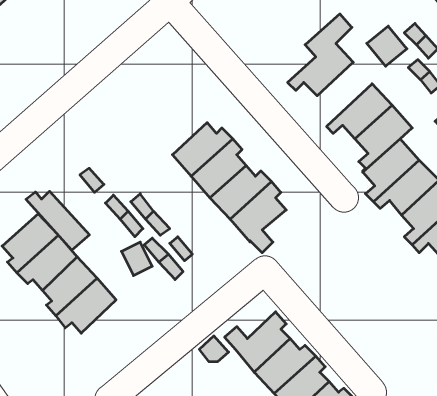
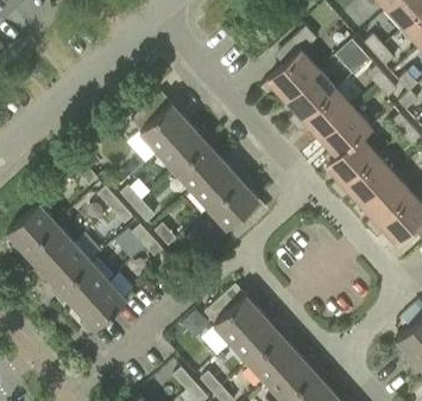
building: none -> [286,69,335,126]
building: none -> [131,98,189,151]
building: [26,191,89,250] -> none
building: none -> [77,279,126,332]

